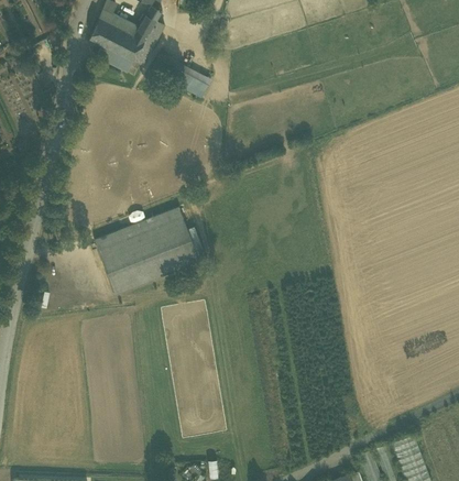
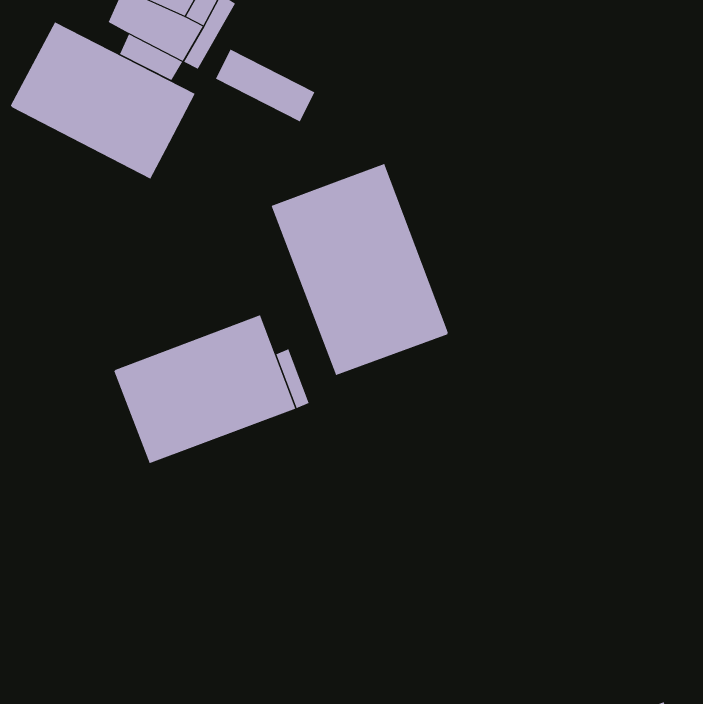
building: none -> [10,21,195,180]
building: none -> [271,163,448,376]

